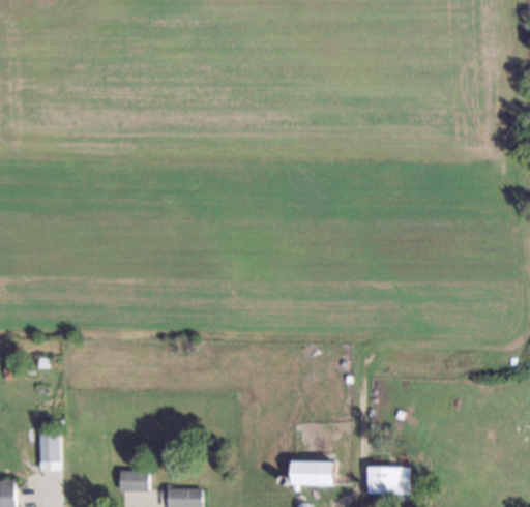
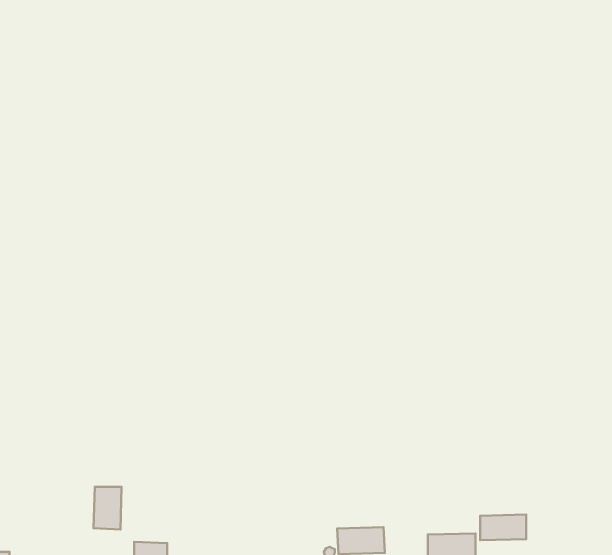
building: [36,433,60,469] -> [94,487,122,530]
building: none -> [480,515,526,540]

